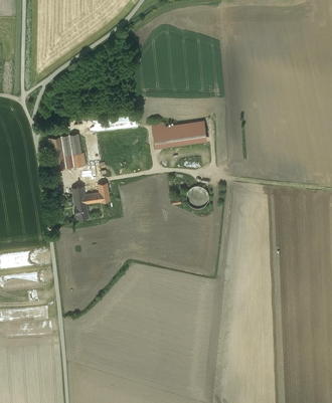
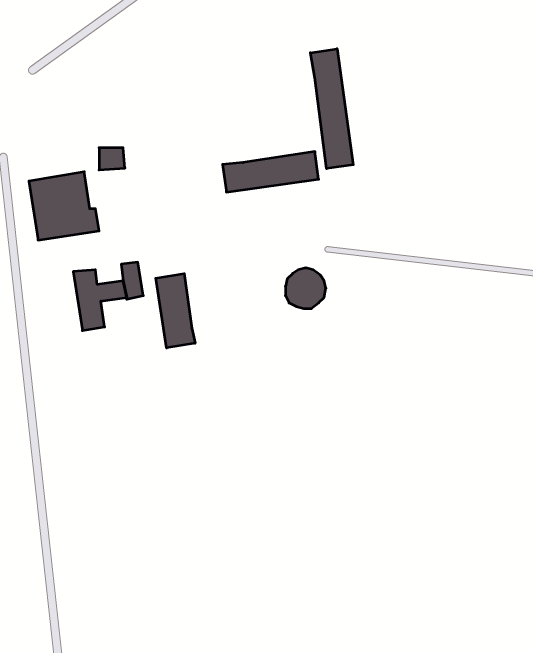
building: none -> [310,49,353,169]
building: none -> [156,274,195,348]

